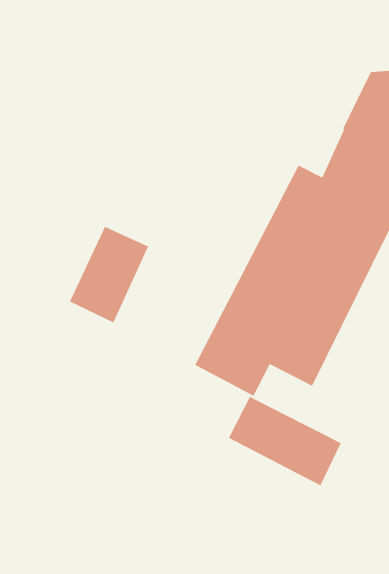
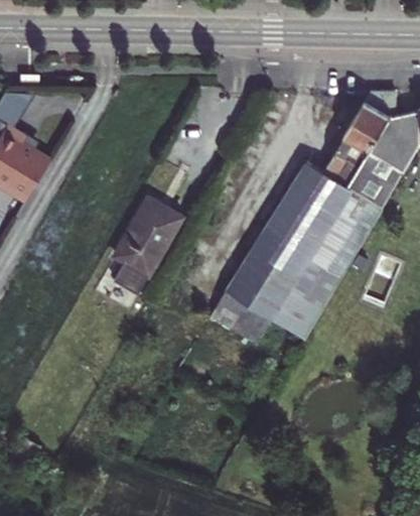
building: [228,396,342,486] -> none

